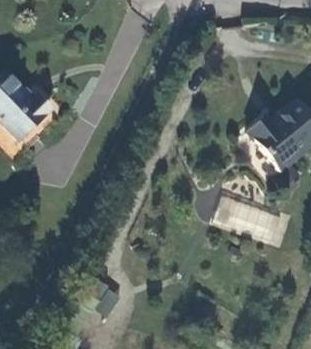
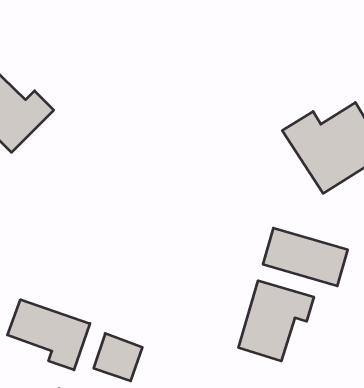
building: none -> [239,281,314,361]
building: none -> [7,300,90,370]

